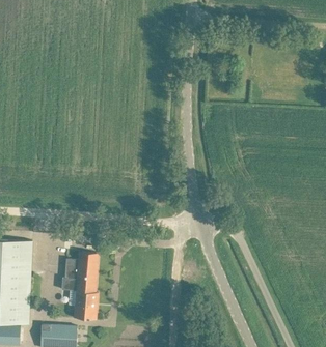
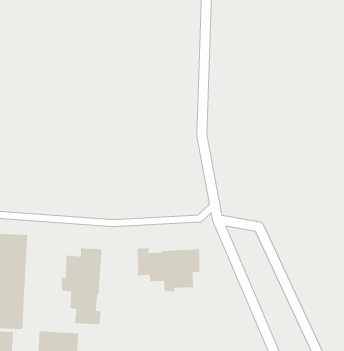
building: none -> [137,247,200,292]

